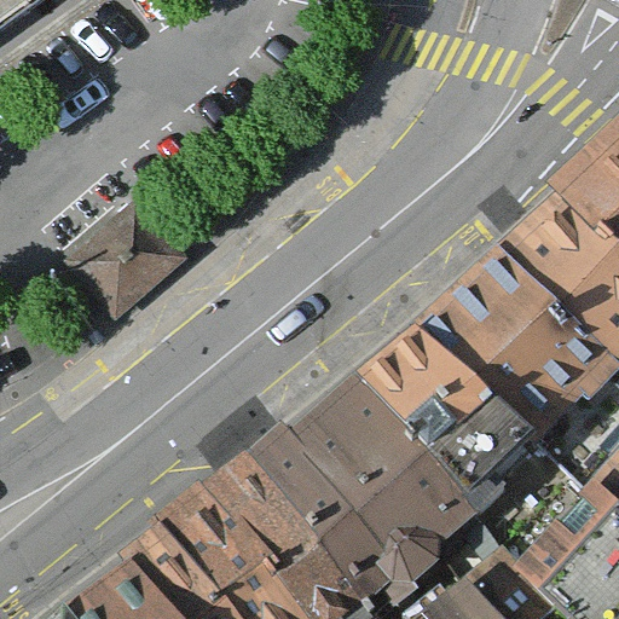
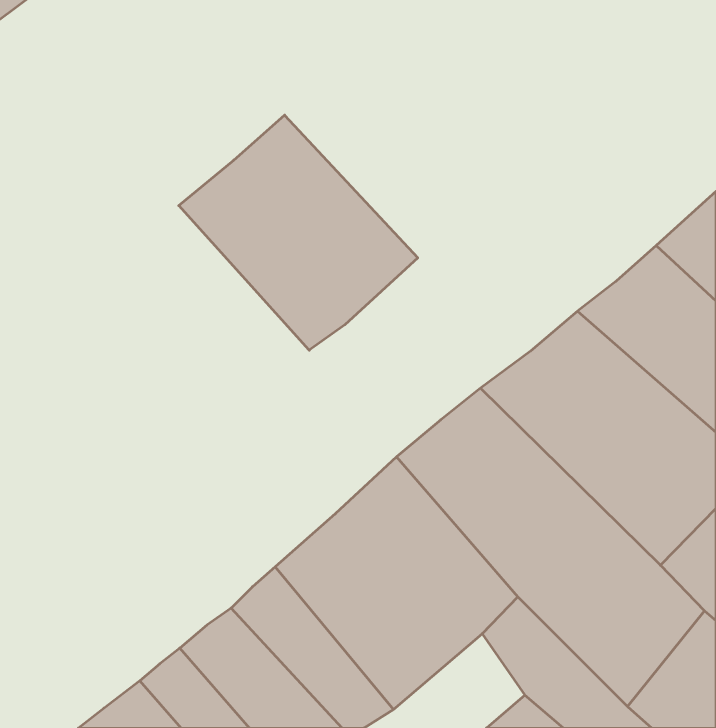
building: none -> [179,115,418,350]
building: [68,224,162,317] -> none

